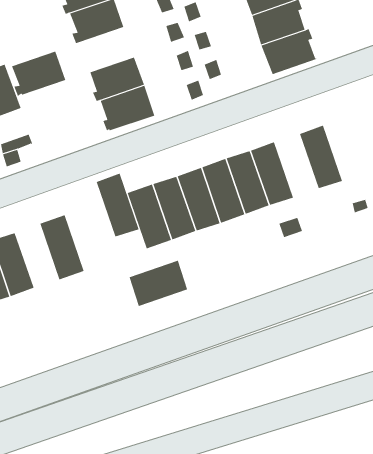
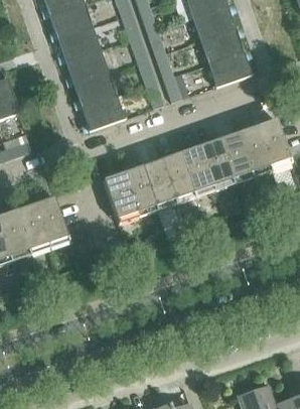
building: [11,51,66,97] -> [65,48,109,85]
building: none -> [257,118,291,169]
building: none -> [218,132,253,182]
building: [96,173,139,237] -> [15,202,49,253]
building: [129,260,188,307] -> none

